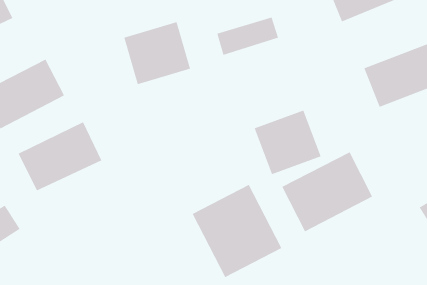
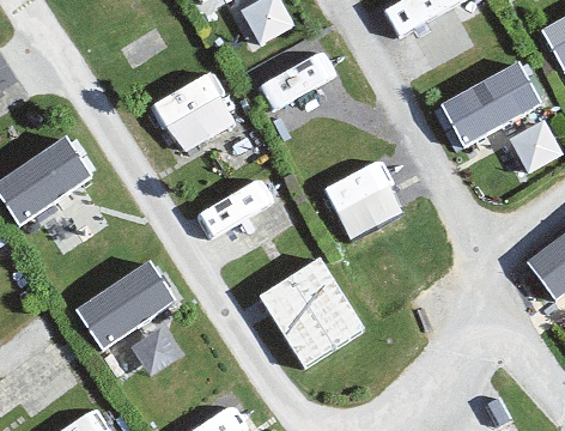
building: [18,122,102,191] -> [74,261,175,350]
building: [282,151,373,232] -> none

